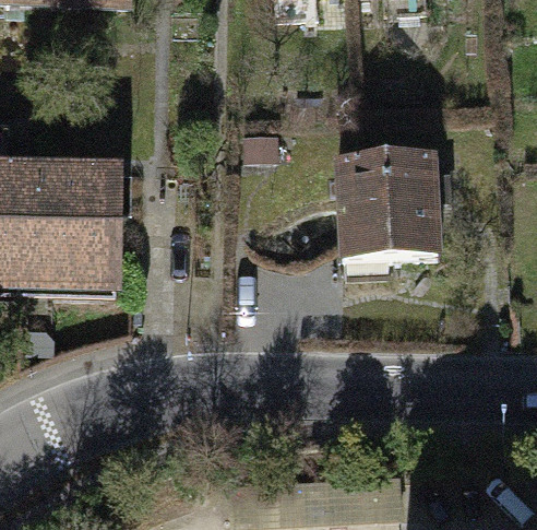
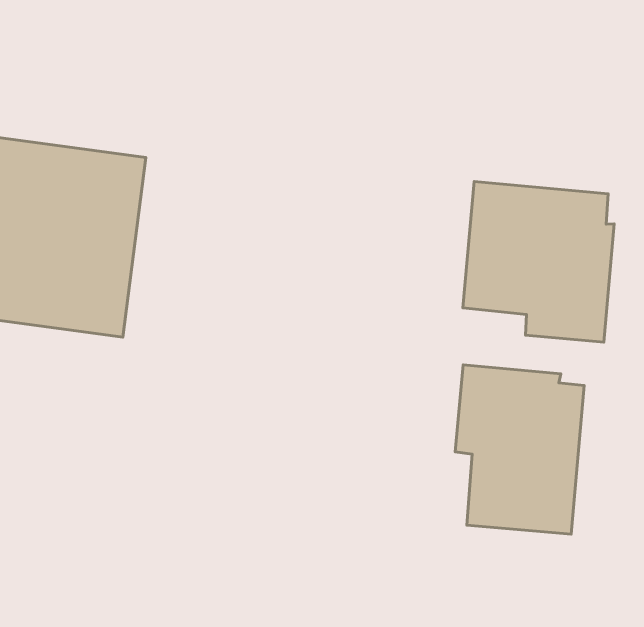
building: none -> [455,365,584,534]

